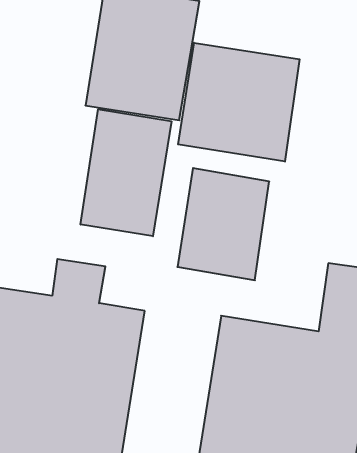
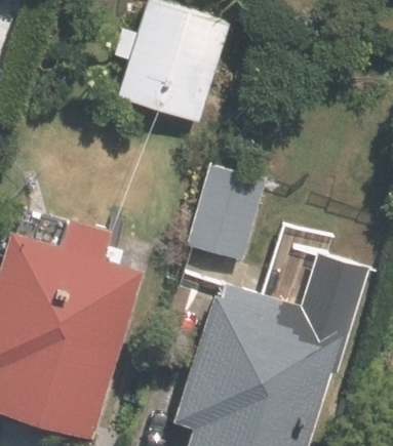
building: [178,43,300,162] -> none
building: [81,109,171,236] -> none

